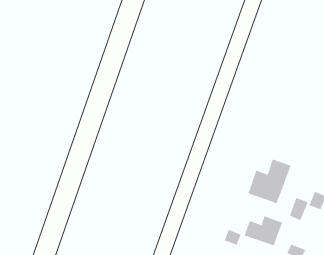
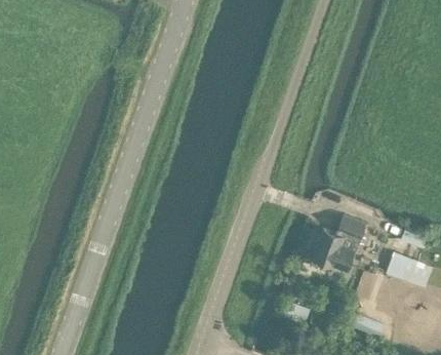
building: [244,216,283,246] -> none

